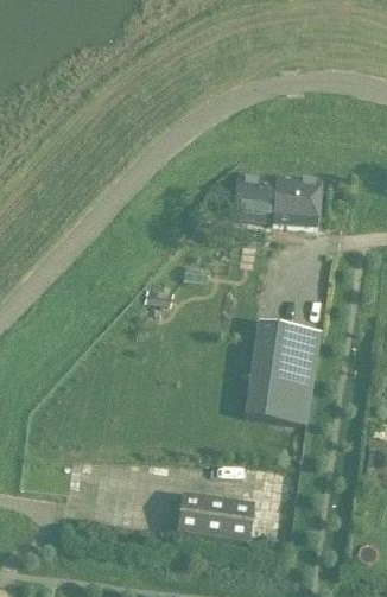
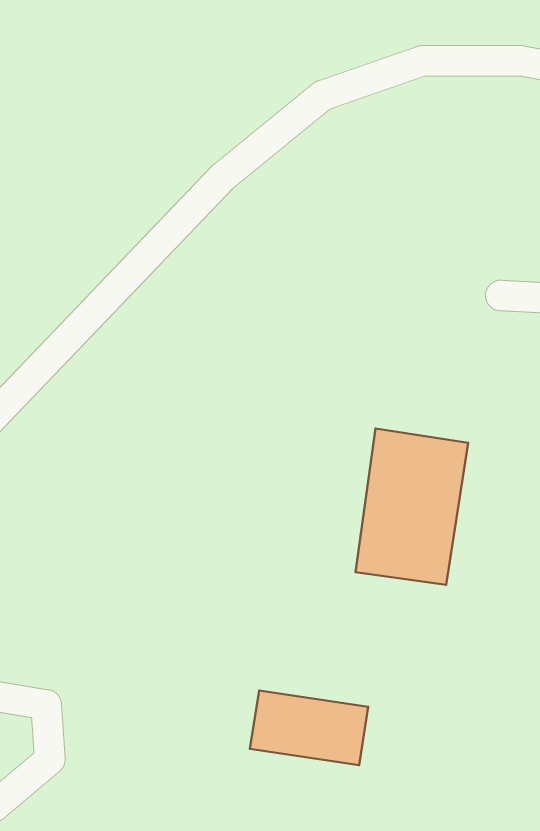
building: [235,169,319,227] -> none

